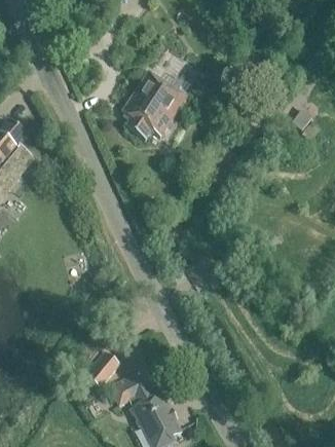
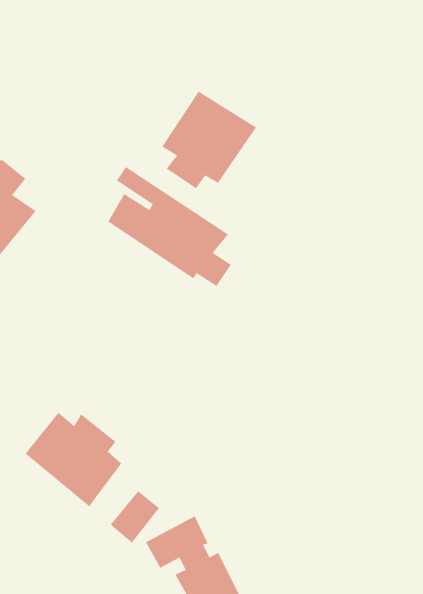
building: none -> [107,166,232,287]
building: none -> [25,412,122,507]

